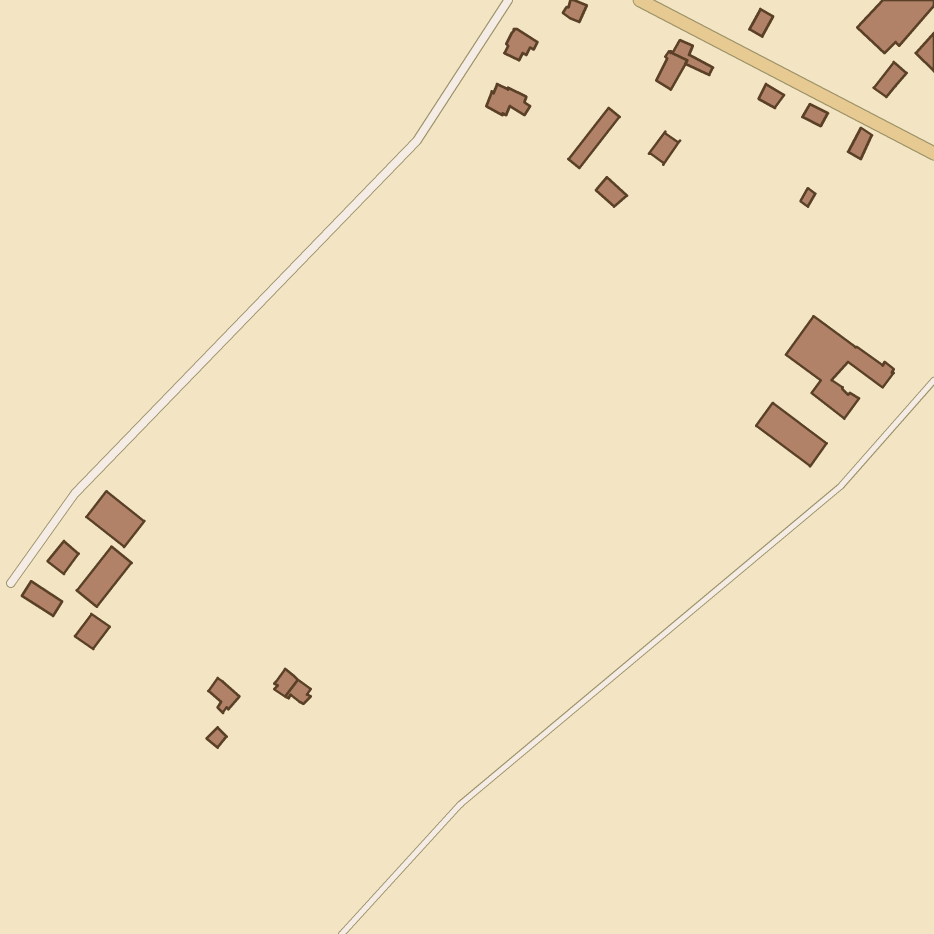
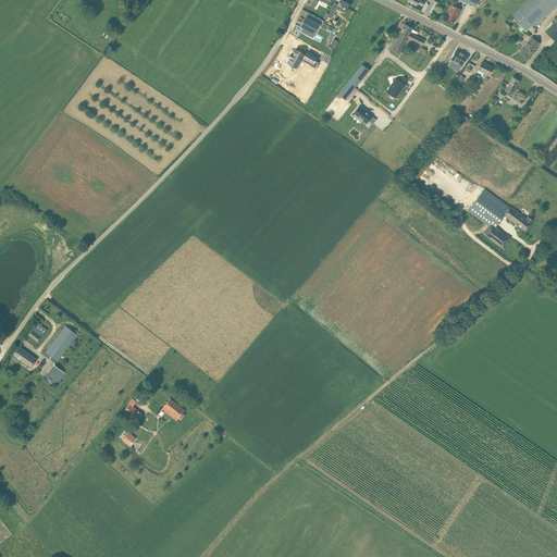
building: [756,403,827,466] -> none
building: [86,491,144,547] -> none

